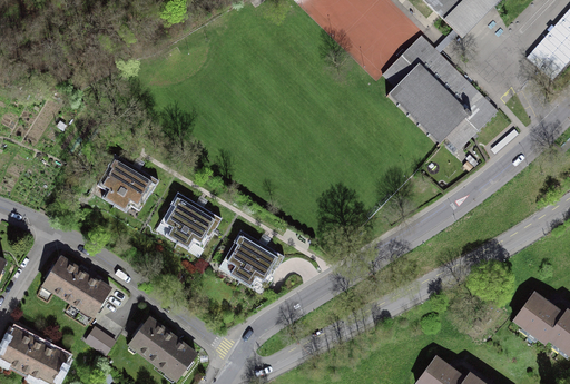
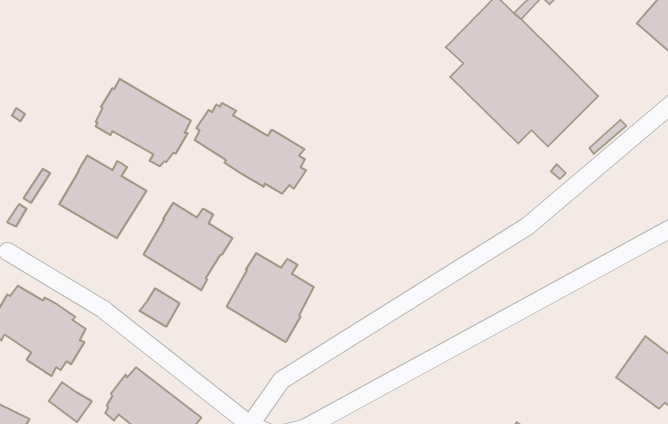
building: none -> [96,79,191,166]
building: none -> [195,103,306,194]
building: none -> [139,288,179,327]

